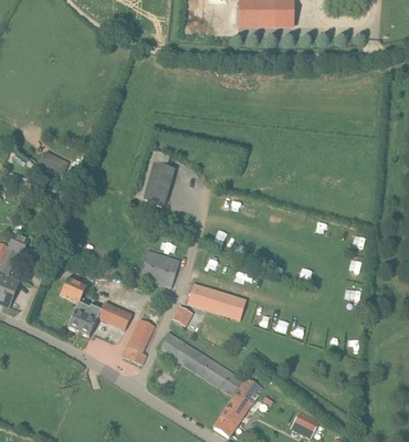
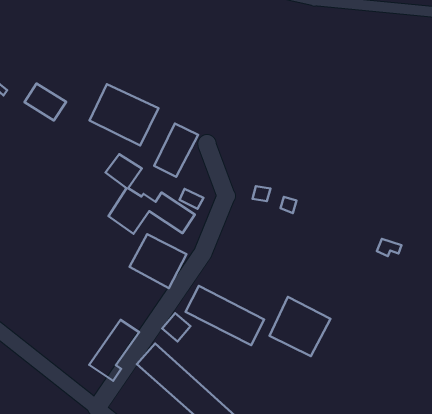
building: none -> [90,84,159,146]
building: [60,278,132,336] -> [106,154,195,234]
building: none -> [270,297,331,356]

